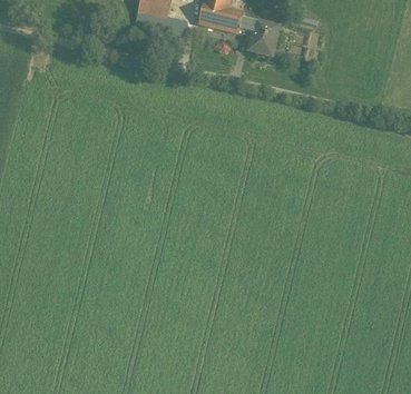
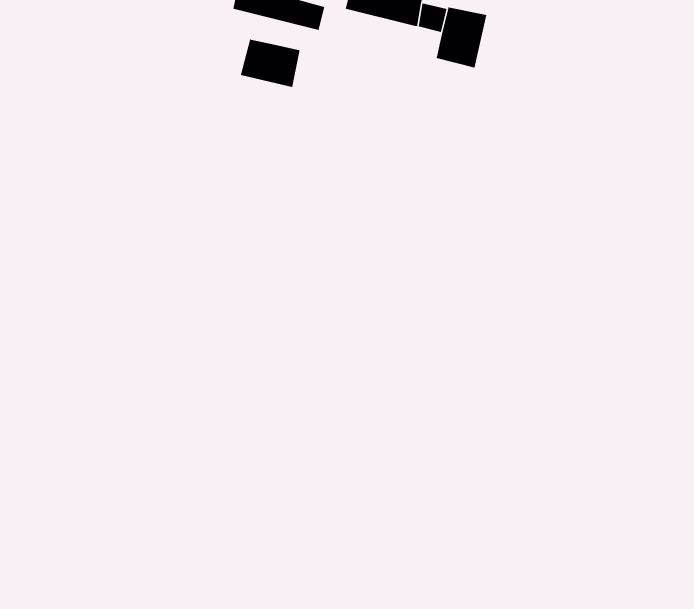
building: none -> [240,38,300,88]

